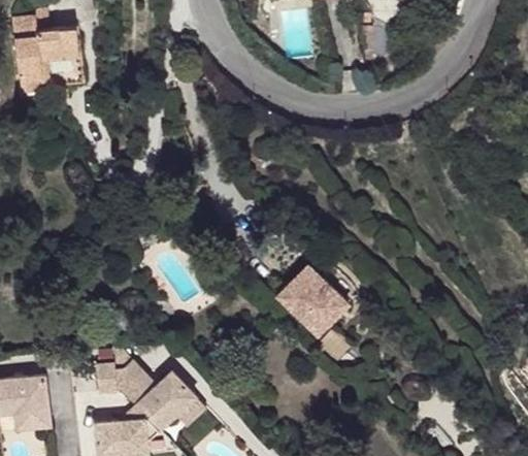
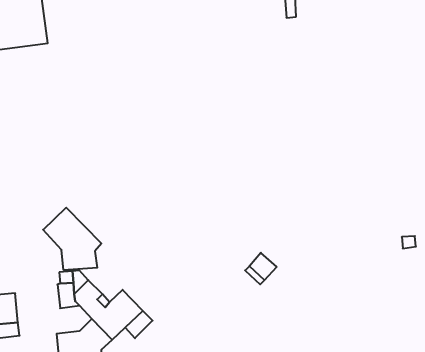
building: [277,264,348,334] -> none
building: none -> [43,208,101,270]

